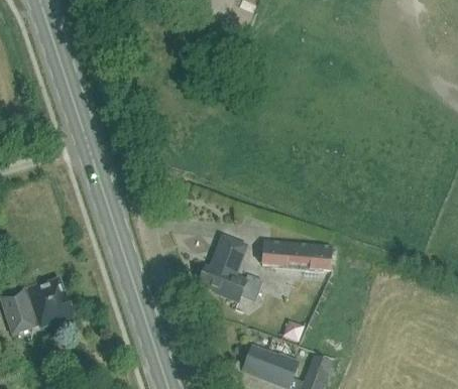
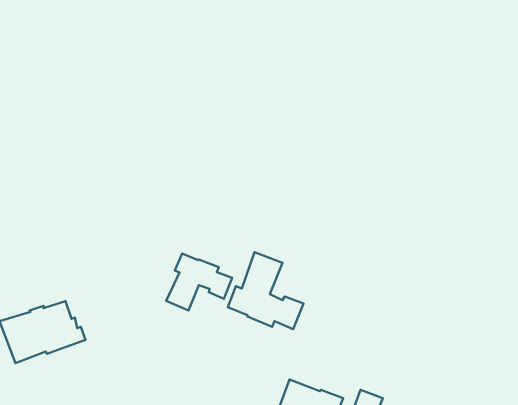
building: none -> [166,254,232,311]
building: [261,239,333,271] -> none

